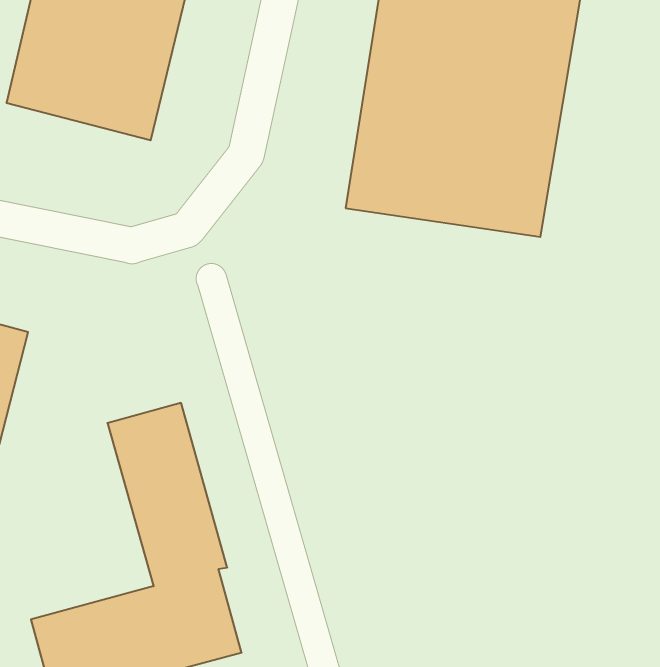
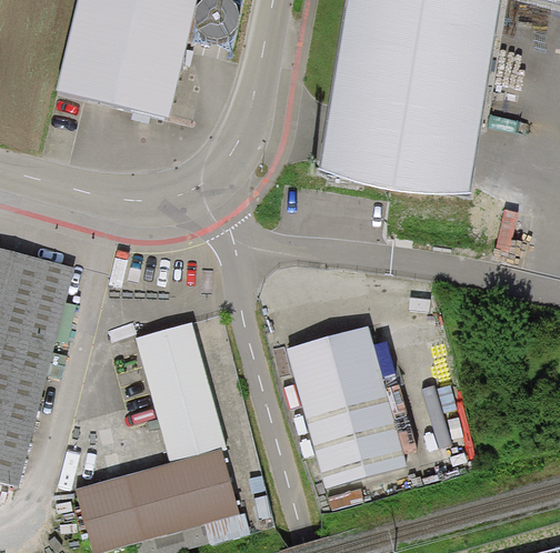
building: none -> [286,326,417,487]

